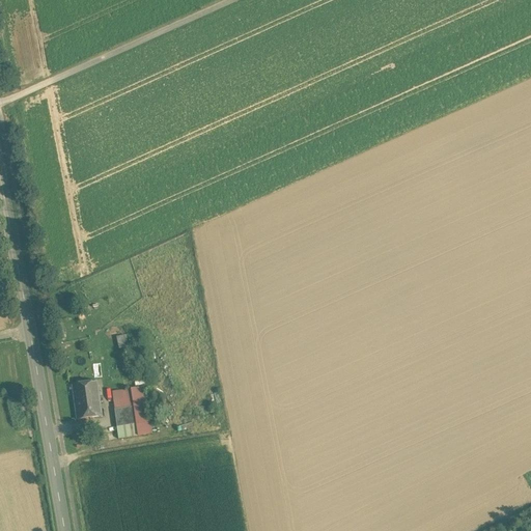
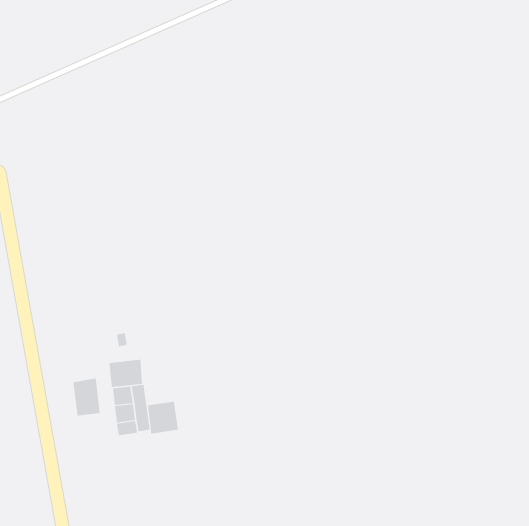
building: none -> [109,359,143,388]
building: none -> [147,401,179,435]

